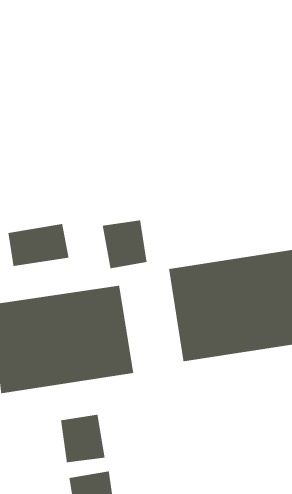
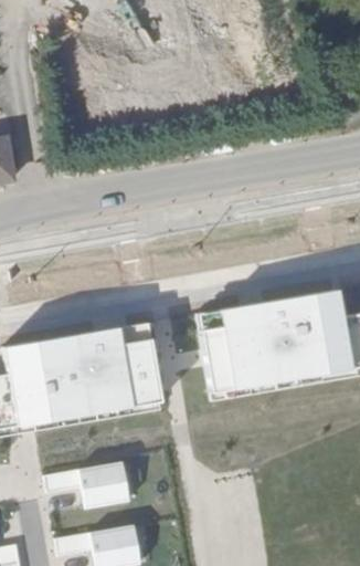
building: [102,219,147,269] -> none
building: [8,223,70,267] -> none

